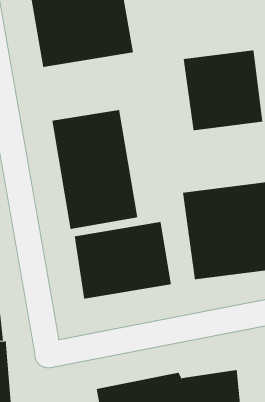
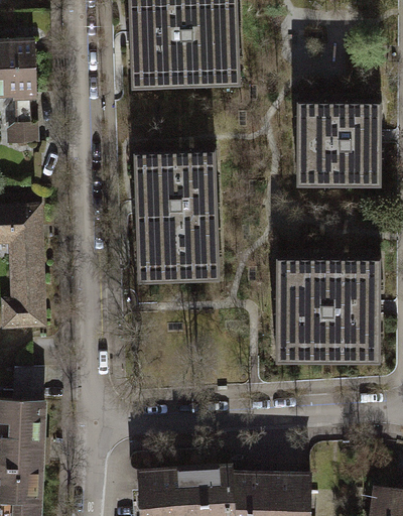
building: [74,221,172,300] -> none

